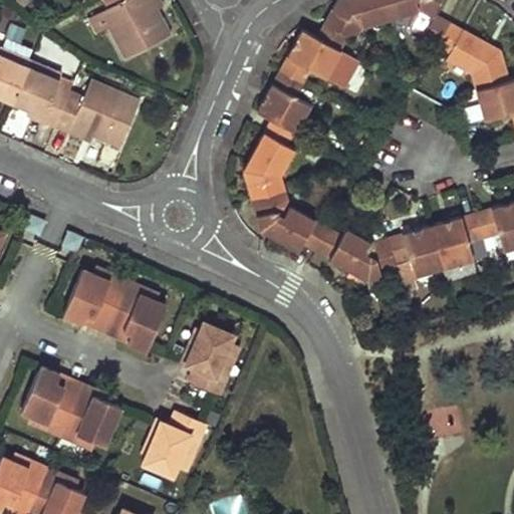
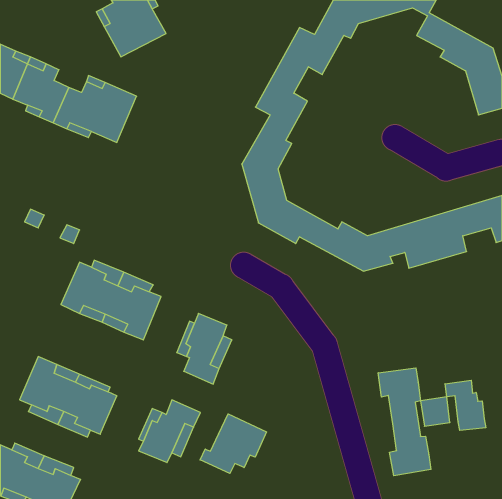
building: none -> [378,368,431,476]
building: none -> [445,380,486,430]
building: none -> [200,414,266,473]

